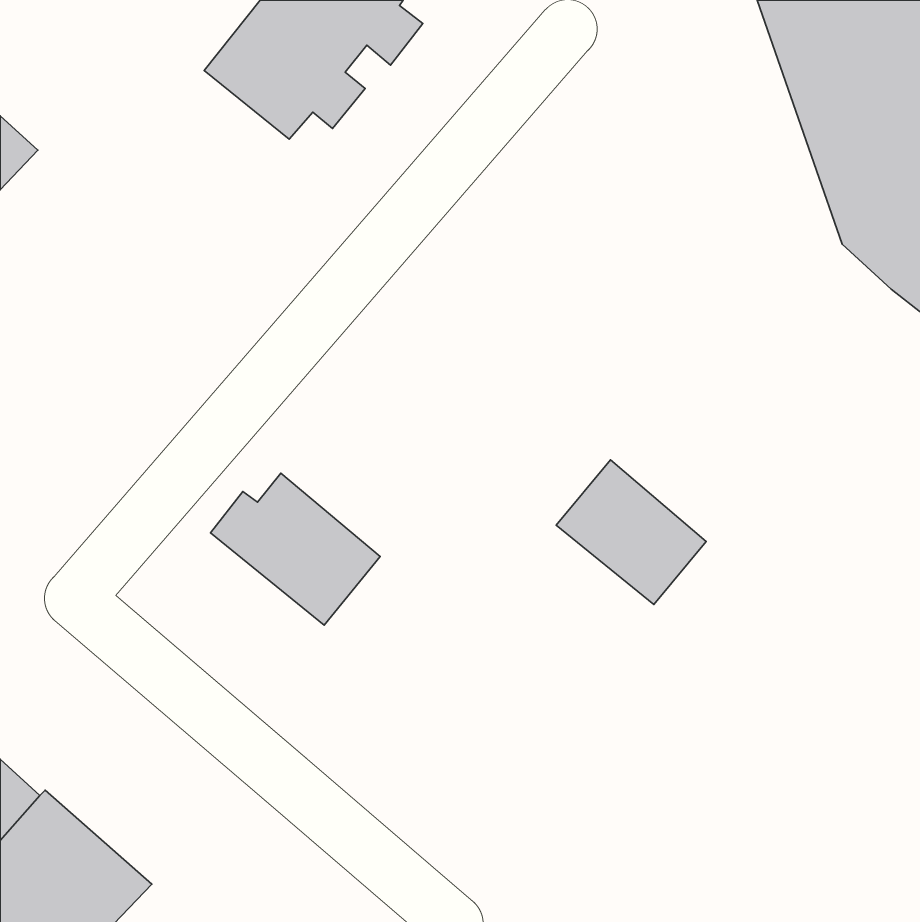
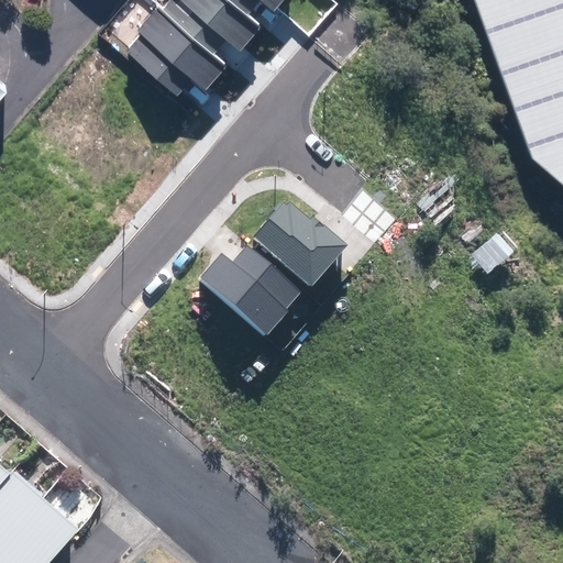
building: [556,460,706,605] -> [252,197,343,285]
building: [210,473,380,625] -> [202,242,306,334]

